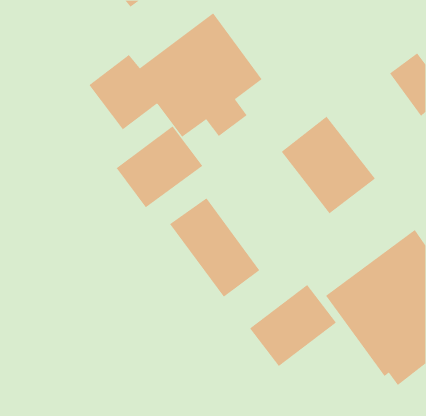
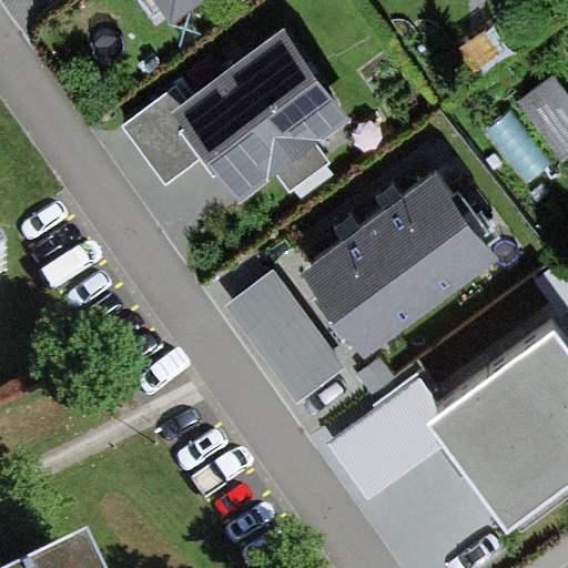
building: [116,125,203,208] -> none
building: none -> [307,215,438,349]

